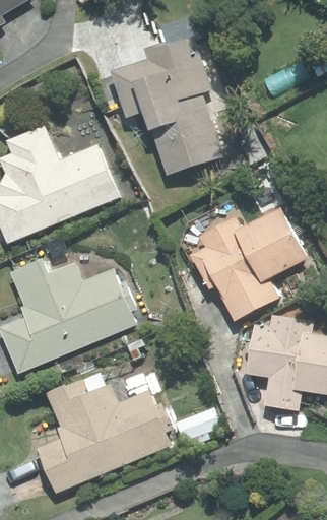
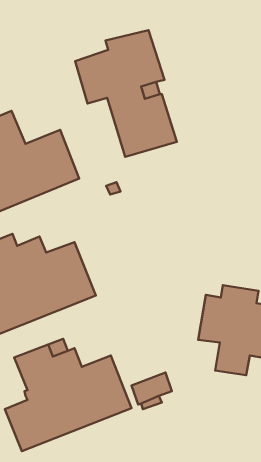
building: [191,207,306,320] -> none

